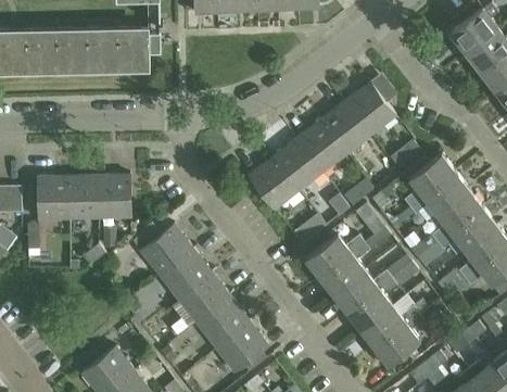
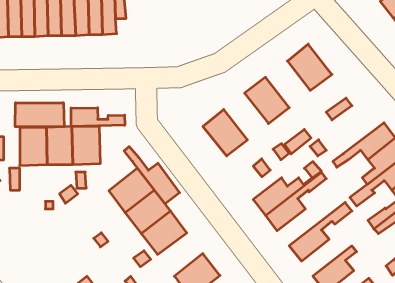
building: [320,101,371,154] -> none
building: [272,138,324,191] -> none
building: none -> [15,103,64,127]
building: [404,153,456,207] -> none
building: none -> [71,108,125,127]
building: none -> [124,147,180,204]
building: [333,255,411,313] -> none
building: [197,298,249,347] -> none
building: [362,299,428,347] -> none

